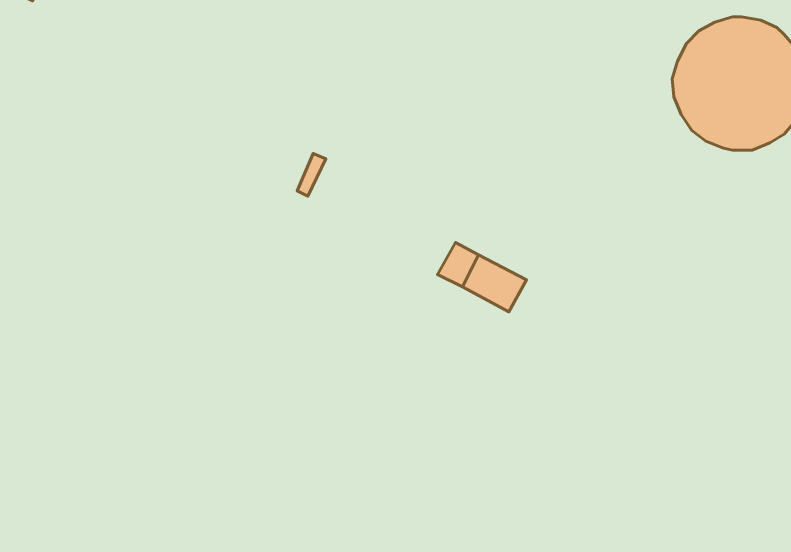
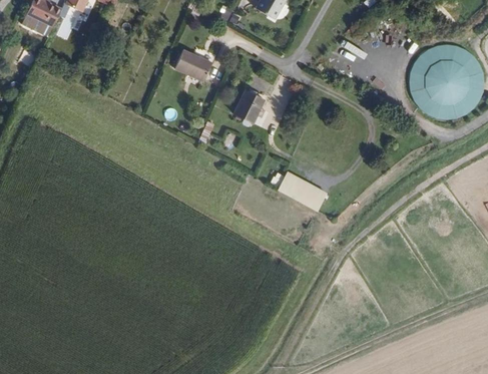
building: none -> [174,49,211,81]
building: none -> [233,88,264,122]

